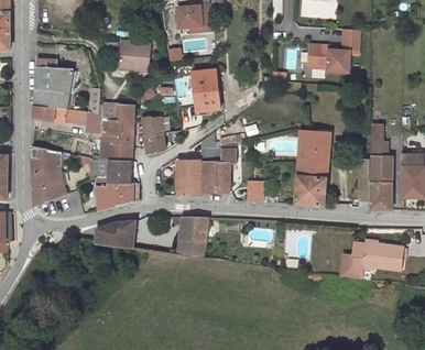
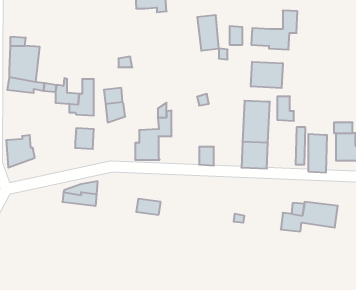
building: [118,42,148,72] -> none
building: [193,70,217,110] -> [197,15,219,51]
building: none -> [251,62,283,88]
building: [370,141,389,168] -> [277,96,294,121]
building: [203,142,236,194] -> none
building: [102,143,130,162] -> none
building: [31,145,61,174] -> none
building: [98,176,138,210] -> none
building: [173,217,207,243] -> none

